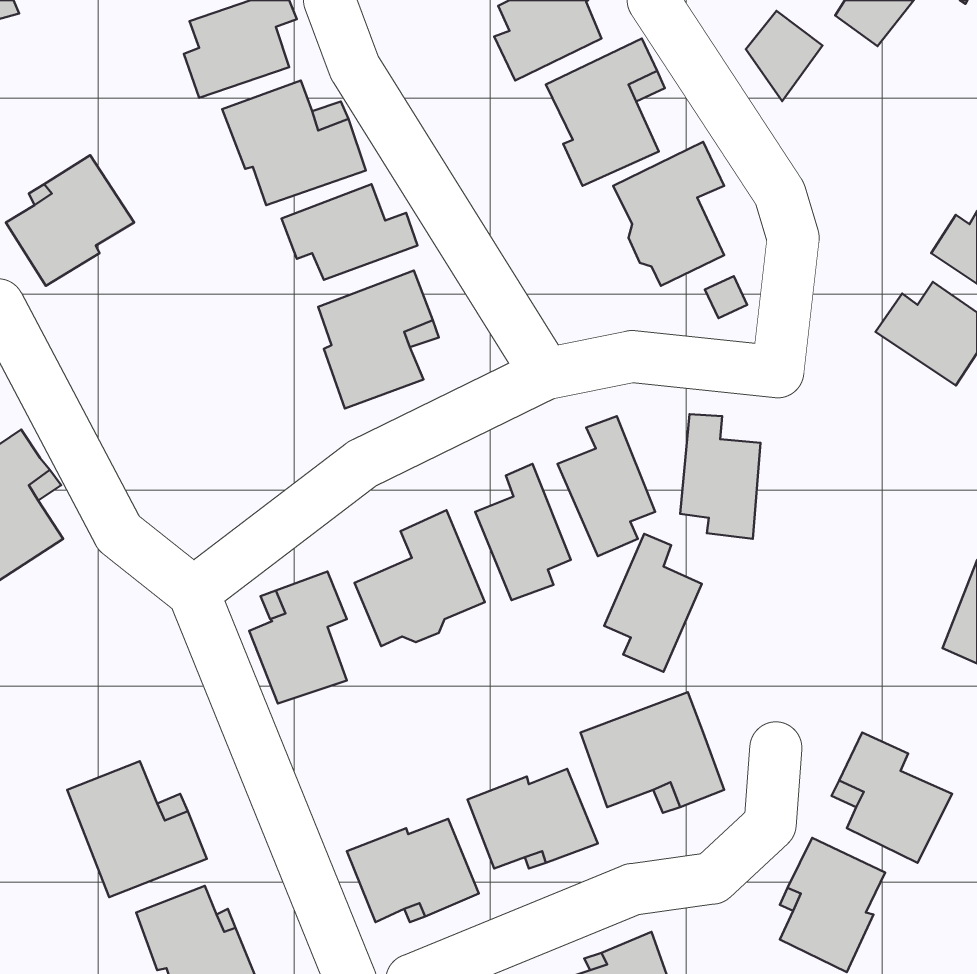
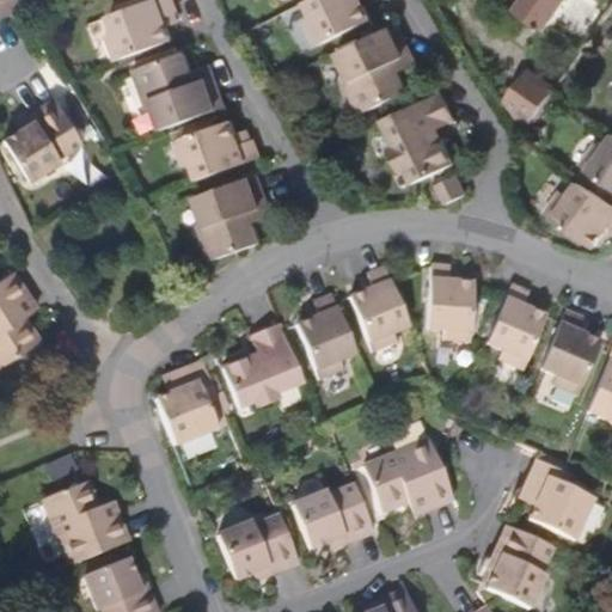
building: [746,11,822,101] -> [509,73,557,129]
building: none -> [541,307,601,393]
building: [604,534,702,672] -> [486,282,547,368]

